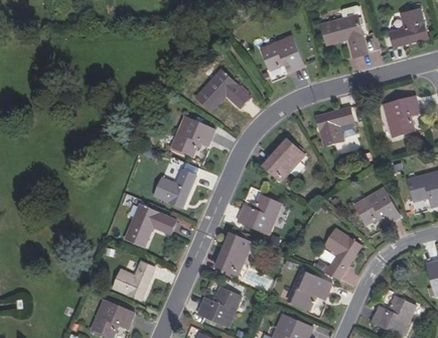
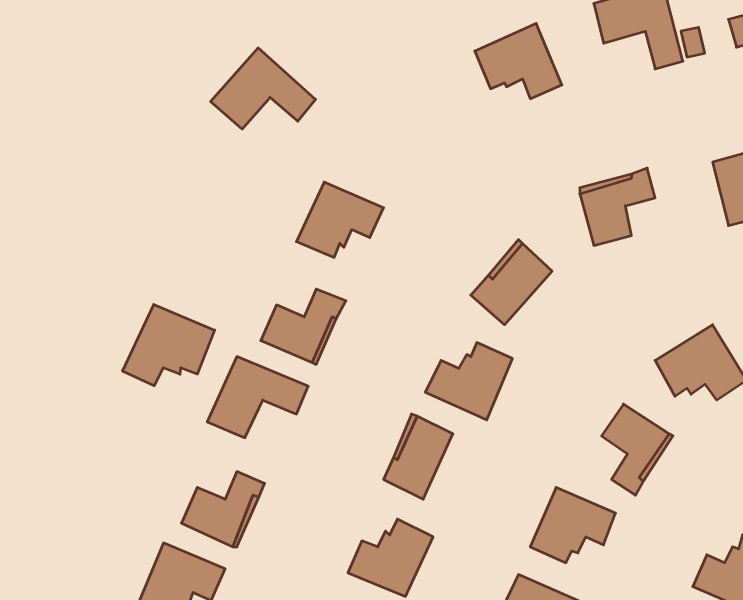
building: [196,70,250,111] -> [211,48,316,129]
building: none -> [123,304,215,386]

